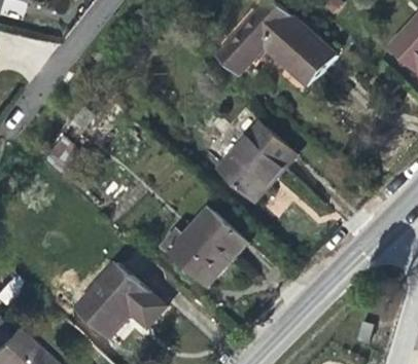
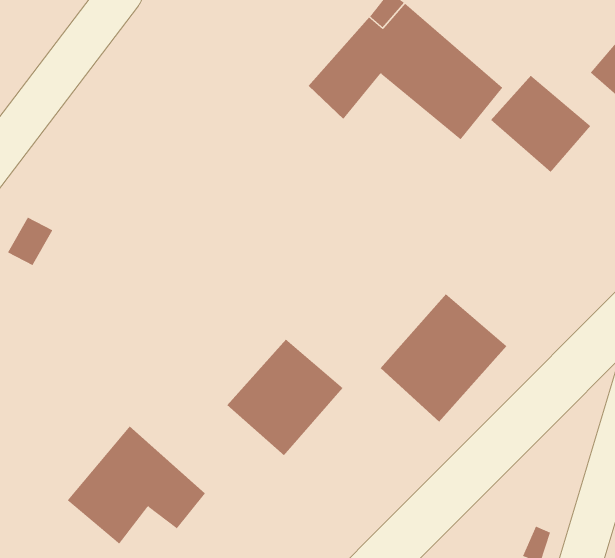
building: none -> [490,75,591,173]
building: [223,124,301,203] -> [380,294,507,423]

